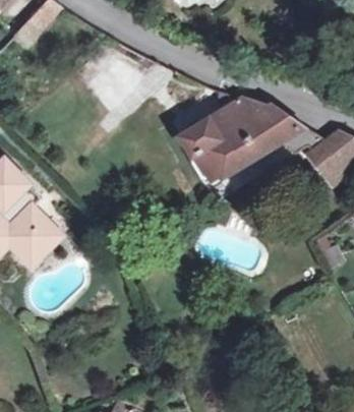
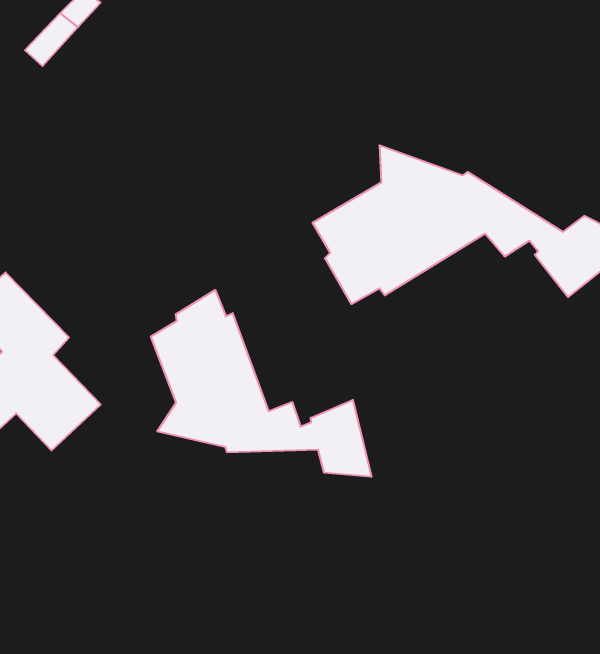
building: none -> [151,290,371,477]

